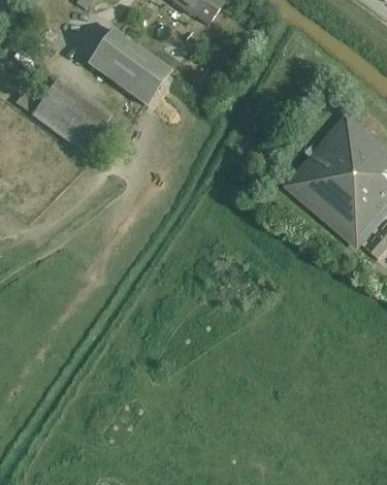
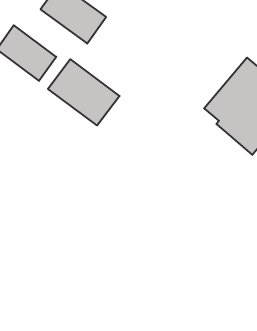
building: none -> [48,59,120,125]

